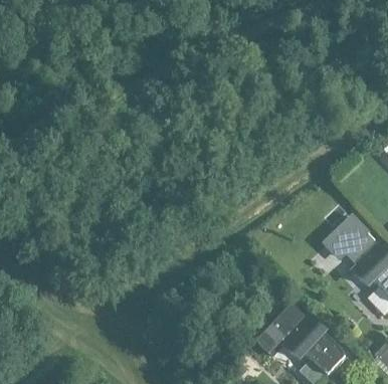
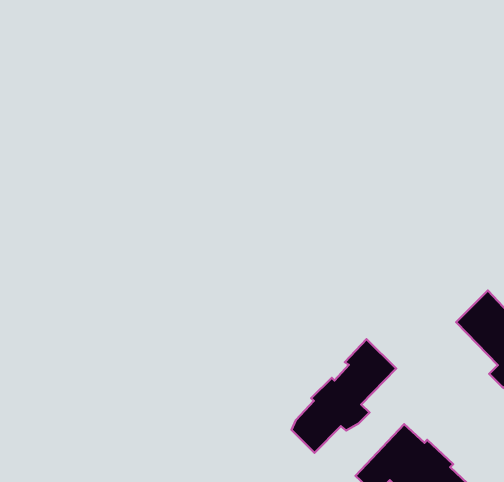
building: none -> [291,339,396,453]

